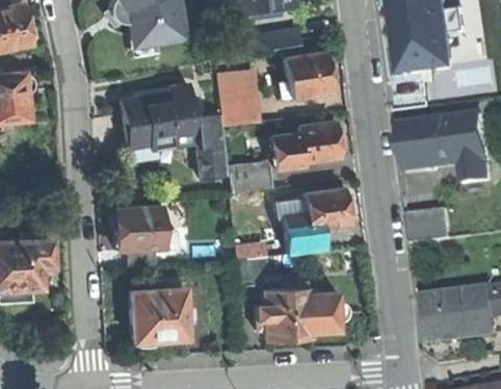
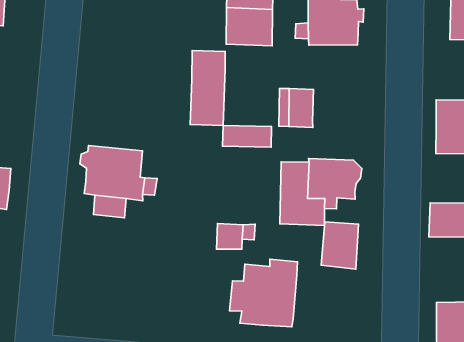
building: [121,81,194,142] -> none
building: [219,100,261,125] -> none
building: [298,122,343,159] -> none
building: [128,276,193,346] -> none
building: [308,290,340,330] -> [321,222,359,269]

